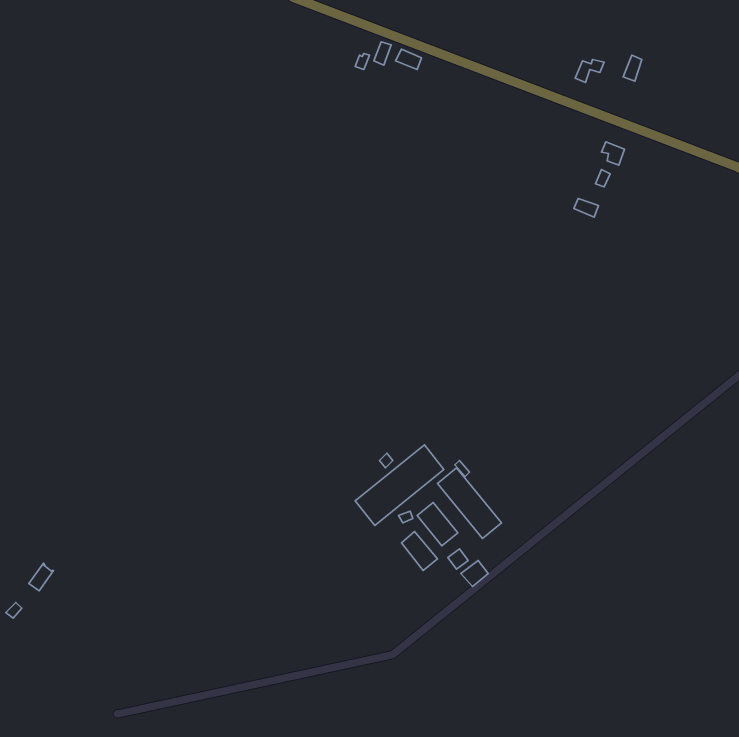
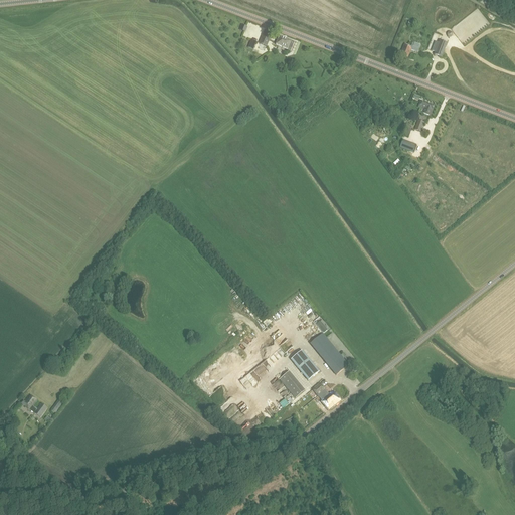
building: [355,445,444,526] -> none

